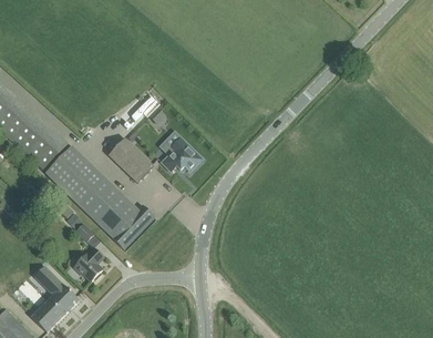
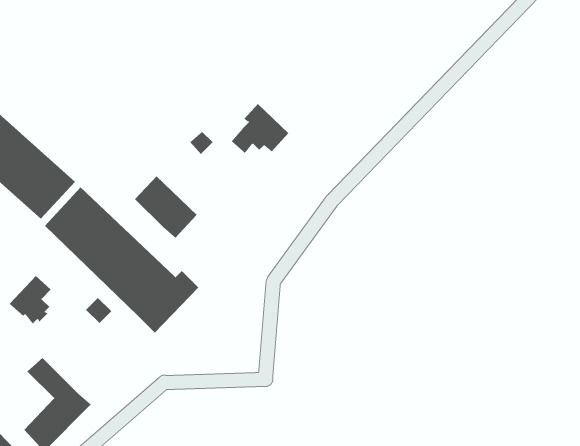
building: [161,141,202,176] -> [231,103,289,154]
building: [74,246,104,280] -> [9,275,52,324]

